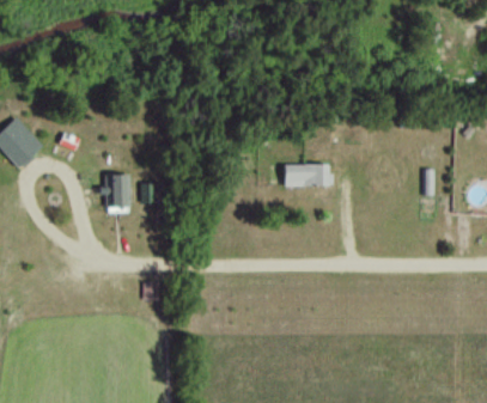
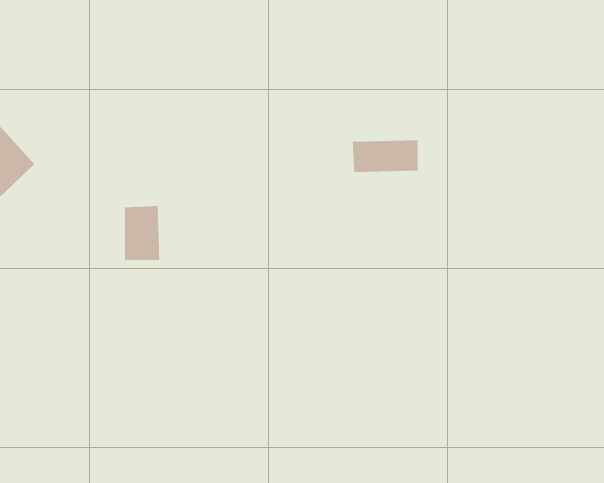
building: [284,164,330,187] -> [352,140,419,172]

